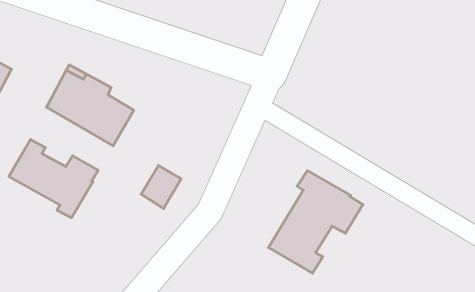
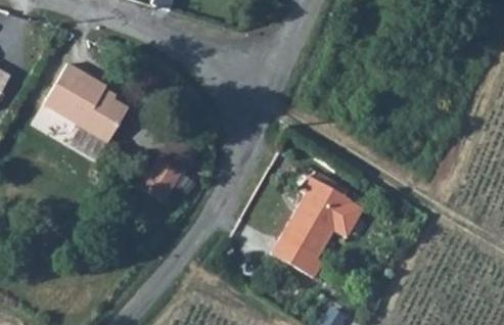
building: [9,139,98,218] -> none

